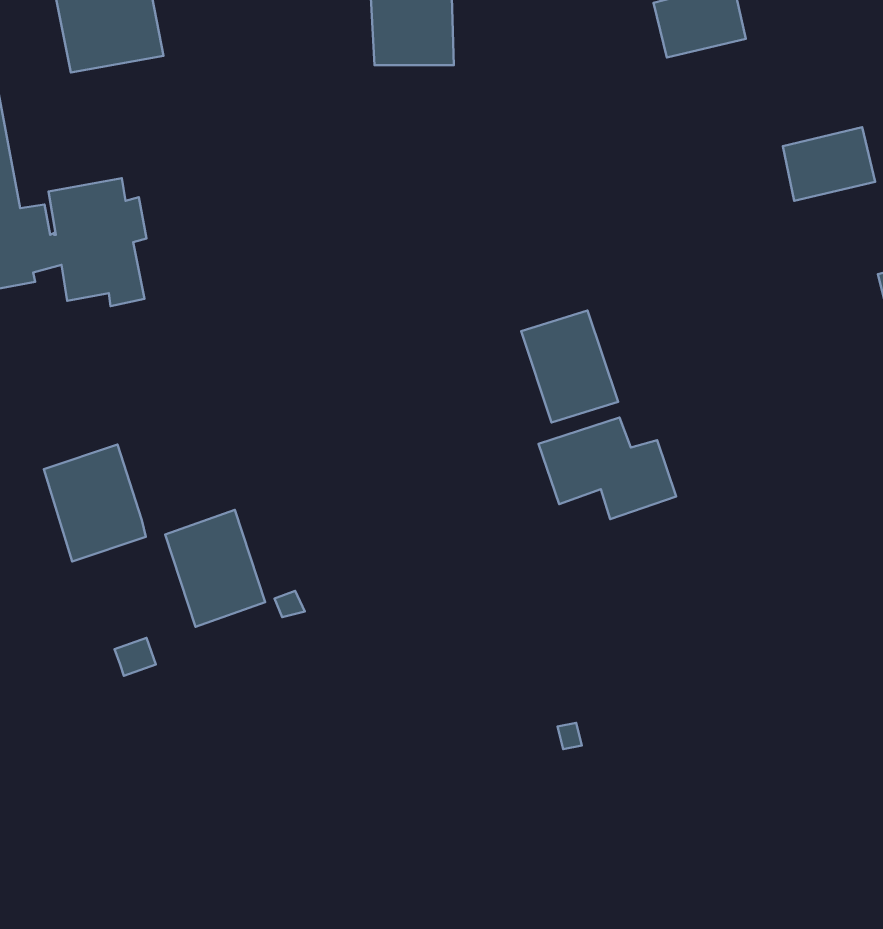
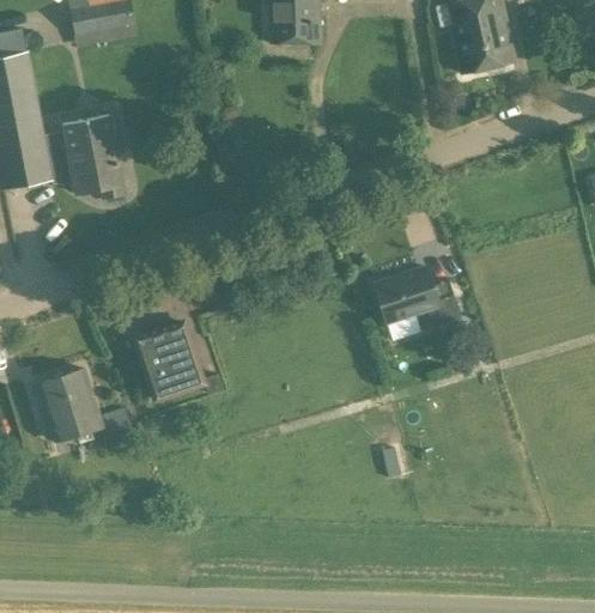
building: [783,127,875,201] -> [455,25,514,72]
building: [521,311,618,422] -> none
building: [44,445,146,561] -> [37,366,102,441]

